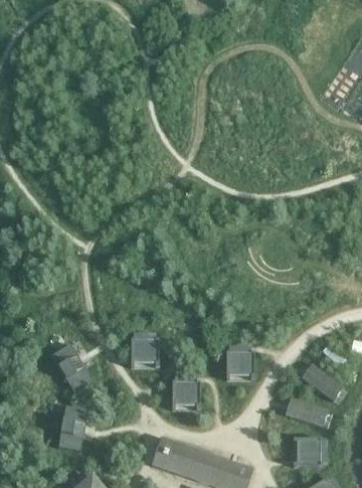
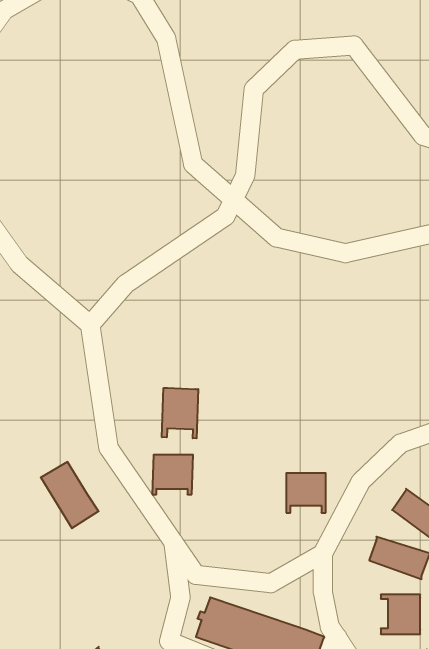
building: none -> [162,388,198,438]
building: [171,380,199,410] -> none
building: [57,405,86,451] -> none

